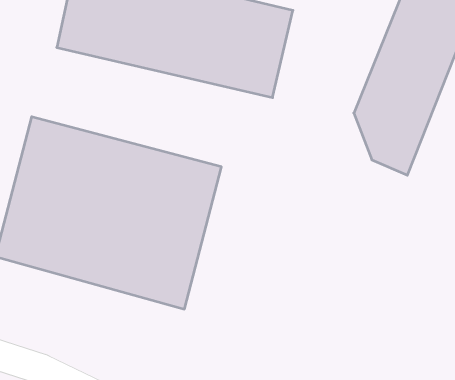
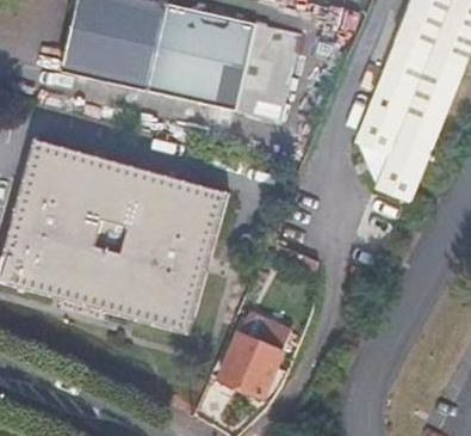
building: none -> [213,328,273,395]

